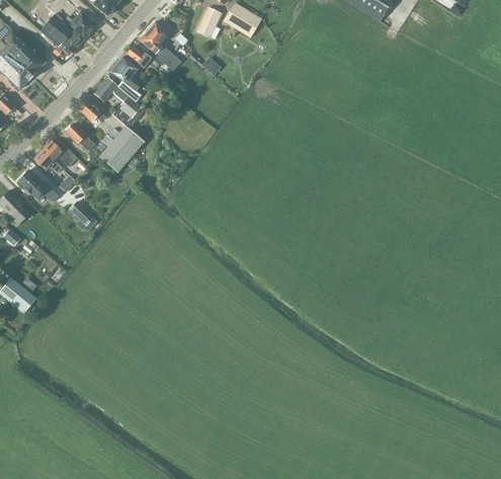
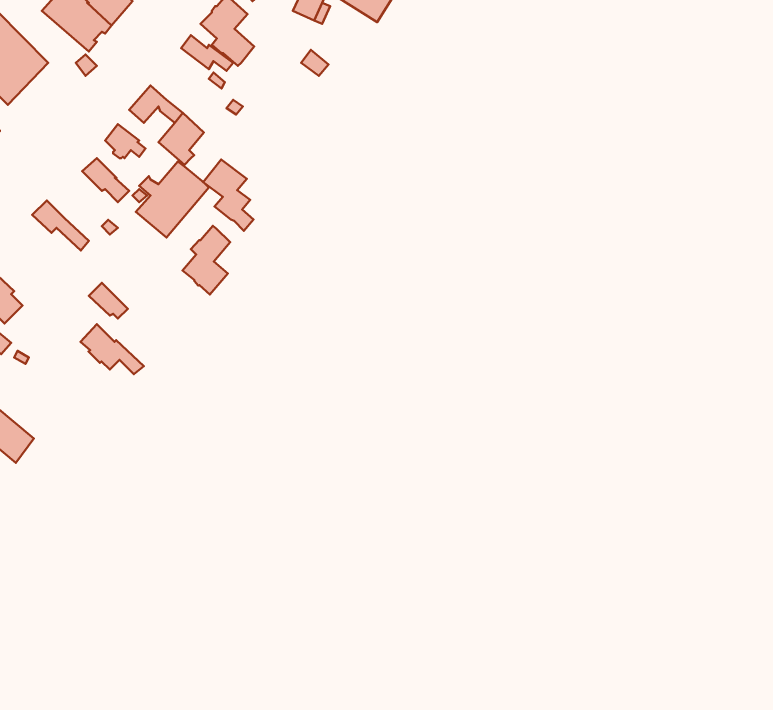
building: [110,57,142,101] -> [203,159,253,231]
building: [43,140,77,166] -> none
building: none -> [182,226,230,295]
building: [18,169,58,201] -> [81,324,144,374]

